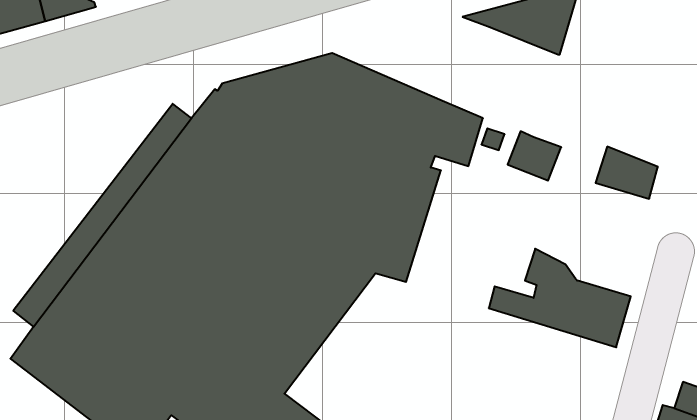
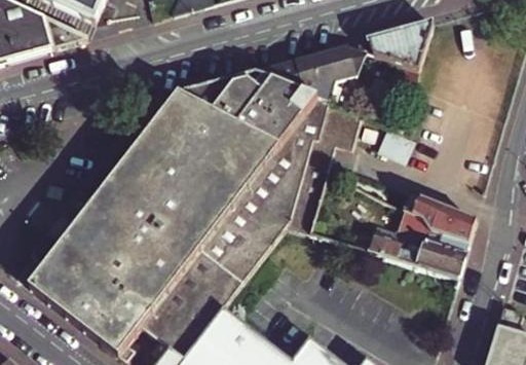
building: none -> [256,43,368,103]
building: [596,147,658,199] -> [429,205,474,242]

